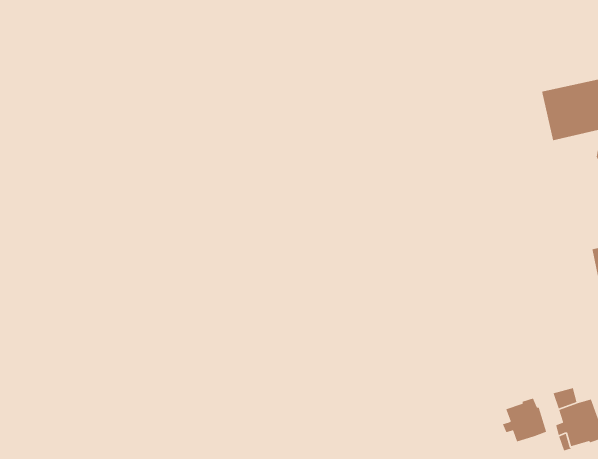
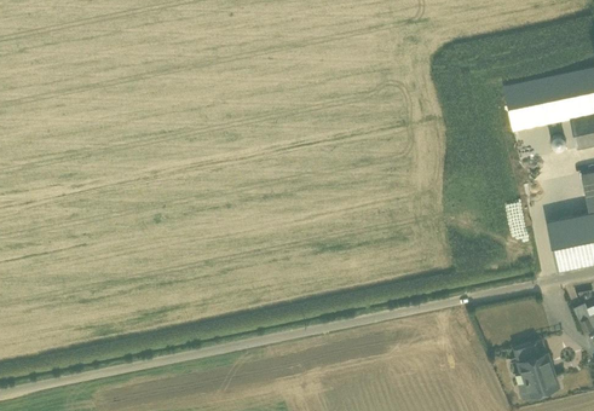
building: [502,397,547,442] -> none

